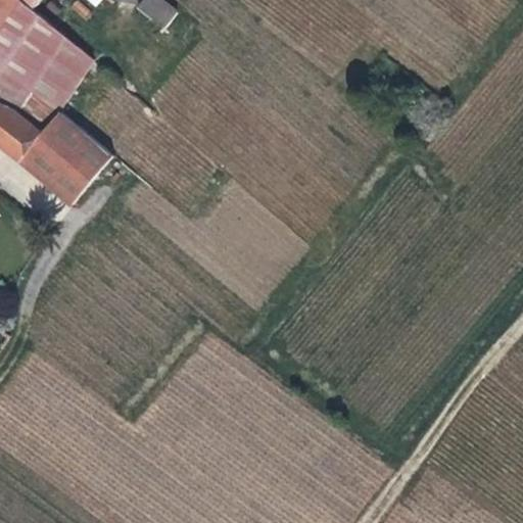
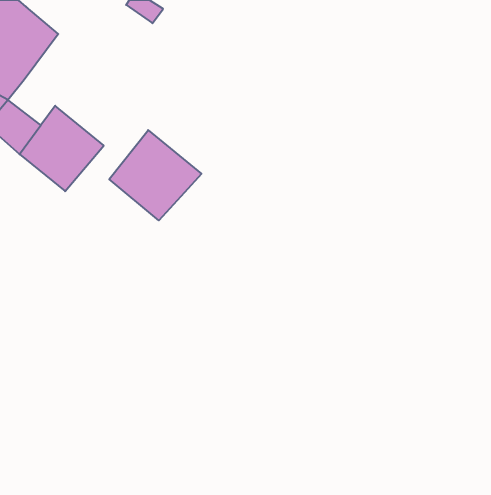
building: [26,37,93,112] -> none
building: none -> [109,130,201,220]

